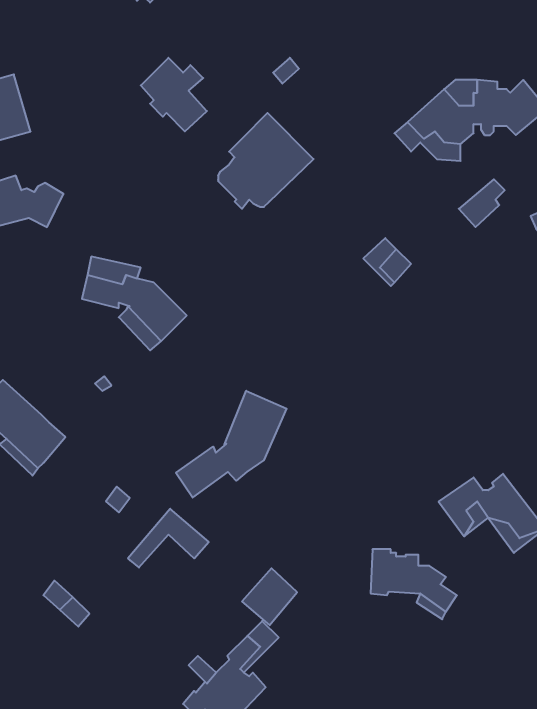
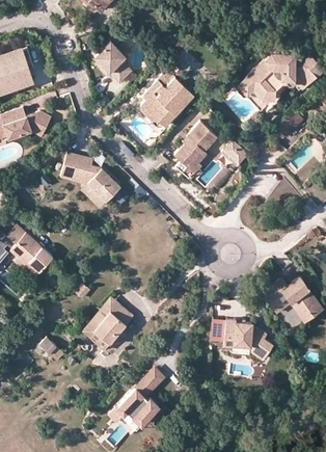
building: none -> [174,123,218,180]
building: [176,391,287,498] -> none
building: [242,568,297,625] -> [93,311,125,343]

